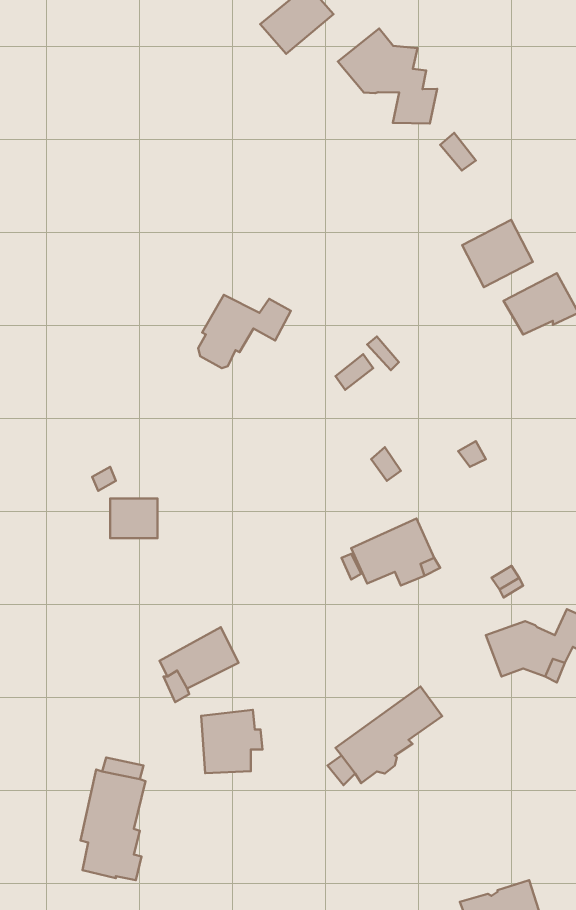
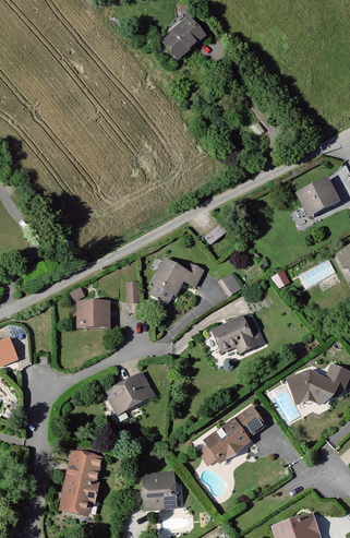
building: [338,29,437,124] -> none
building: [462,220,533,287] -> none
building: [198,295,291,368] -> [152,261,203,301]
building: [201,710,263,773] -> [144,473,178,507]

